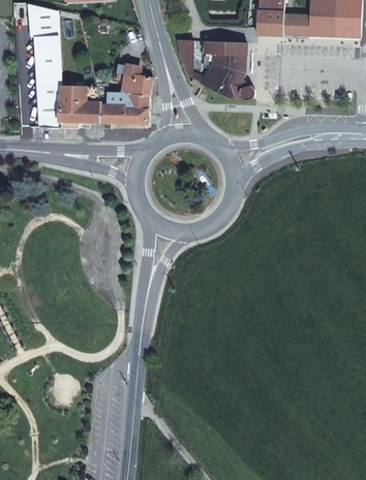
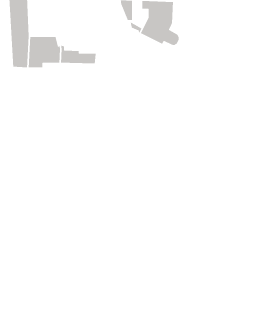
building: [96,61,151,108] -> none

